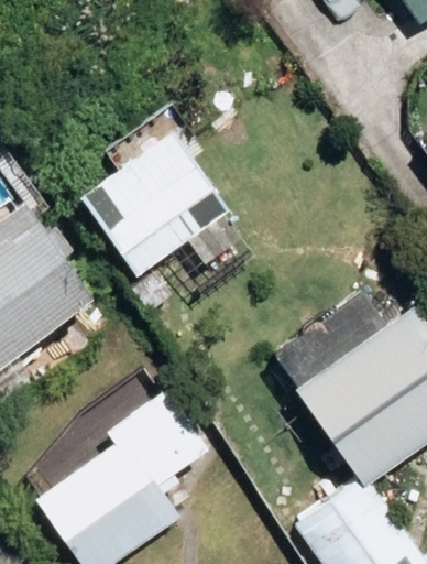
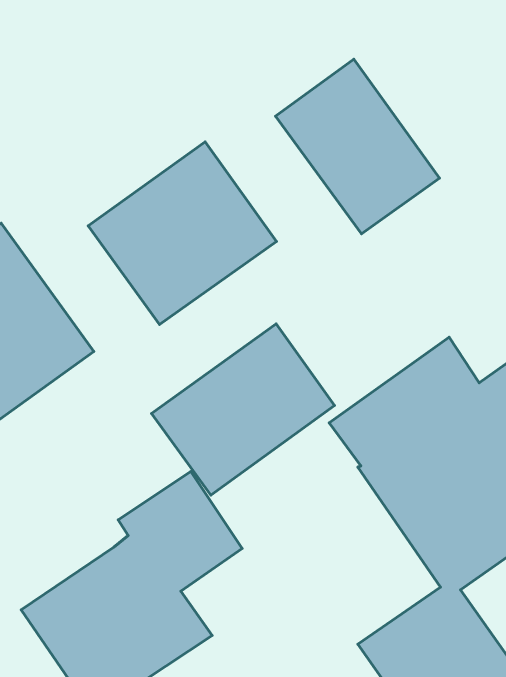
building: none -> [276,59,439,234]
building: none -> [152,324,334,495]

